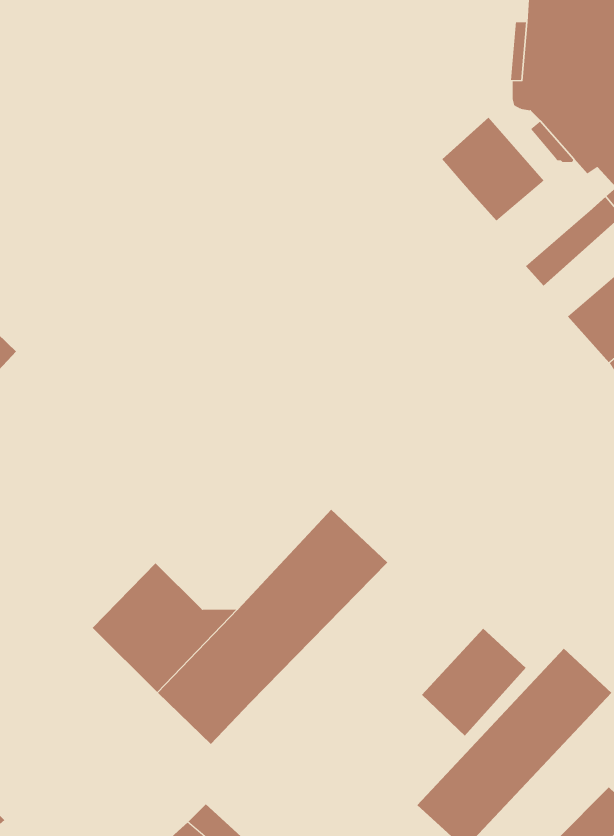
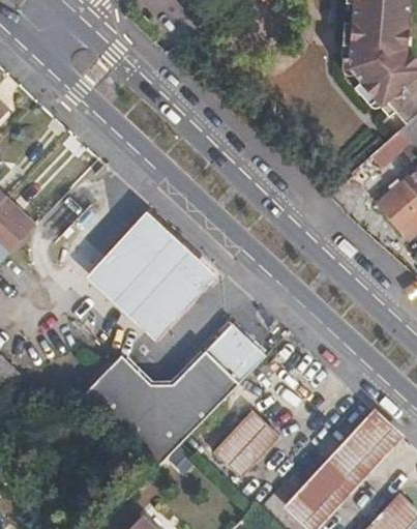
building: [441,117,544,222] -> none
building: none -> [86,212,215,342]
building: [421,628,527,737] -> [213,411,278,478]

